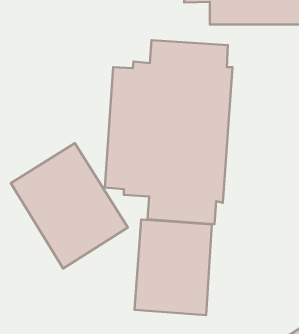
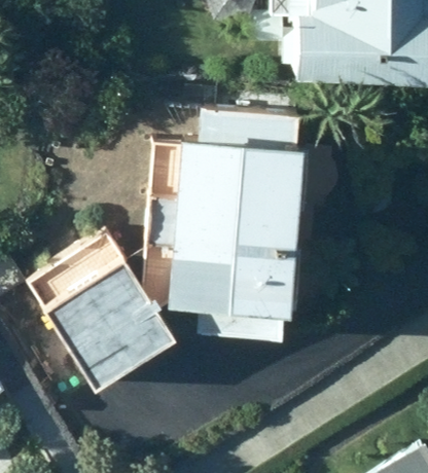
building: [135,220,212,315] -> none

